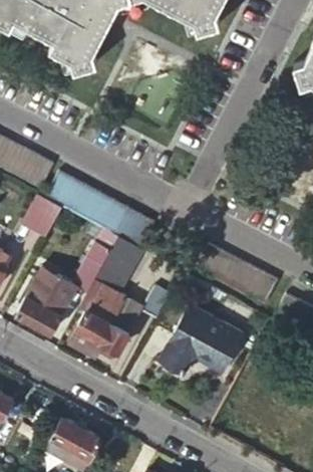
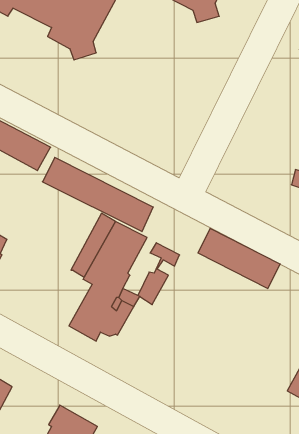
building: [20,193,60,235] -> none
building: [14,267,73,332] -> none
building: [159,303,241,371] -> none

